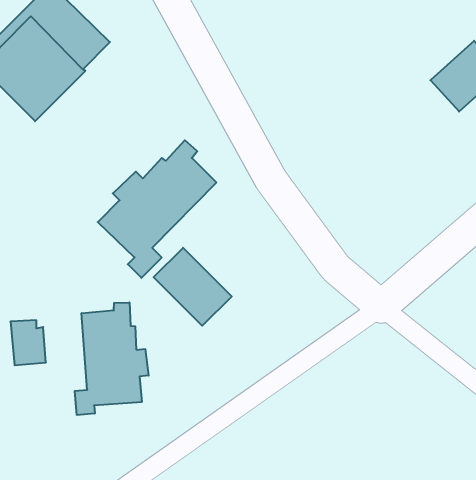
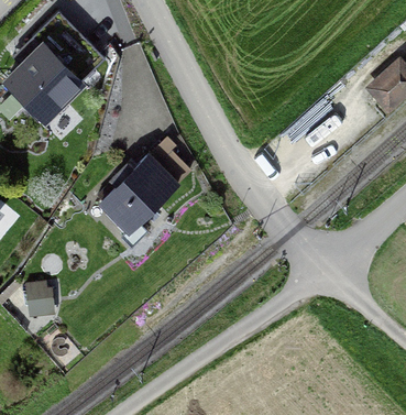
building: [154,248,232,326] -> none
building: [75,302,149,415] -> none

